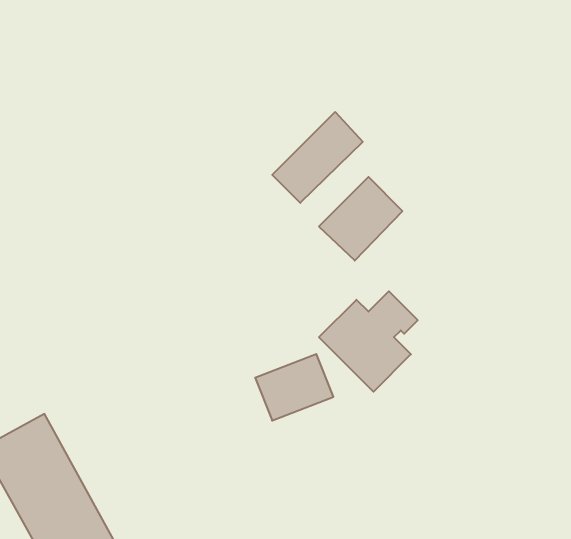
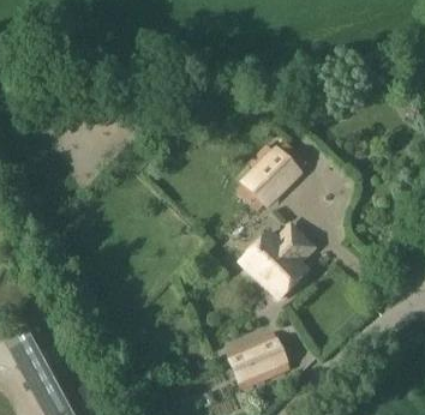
building: [272,112,363,203] -> none
building: [255,354,333,421] -> [223,341,279,387]

